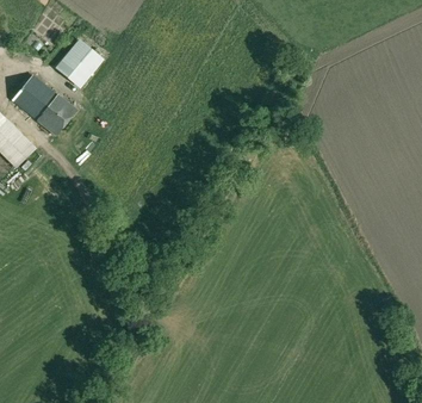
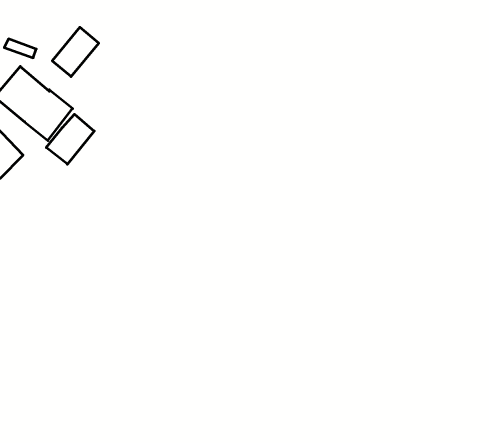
building: none -> [46,114,94,164]

